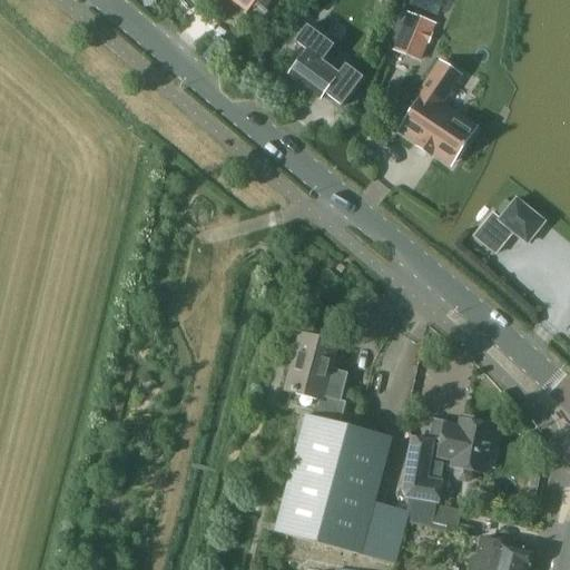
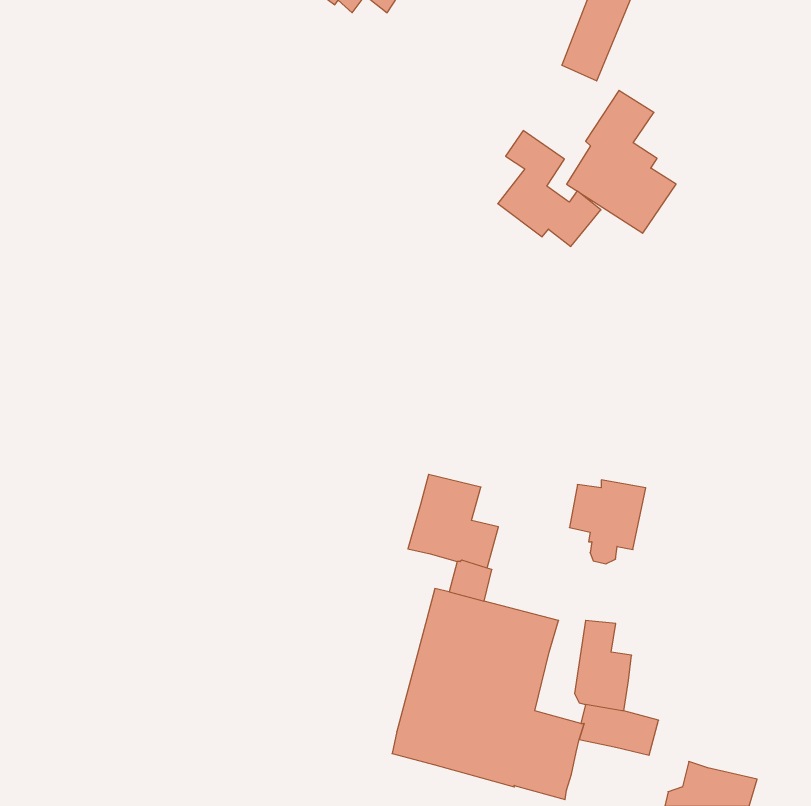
building: [288,21,361,102] -> [498,131,601,246]
building: [474,197,543,252] -> none
building: [439,420,492,479] -> [569,480,646,564]

